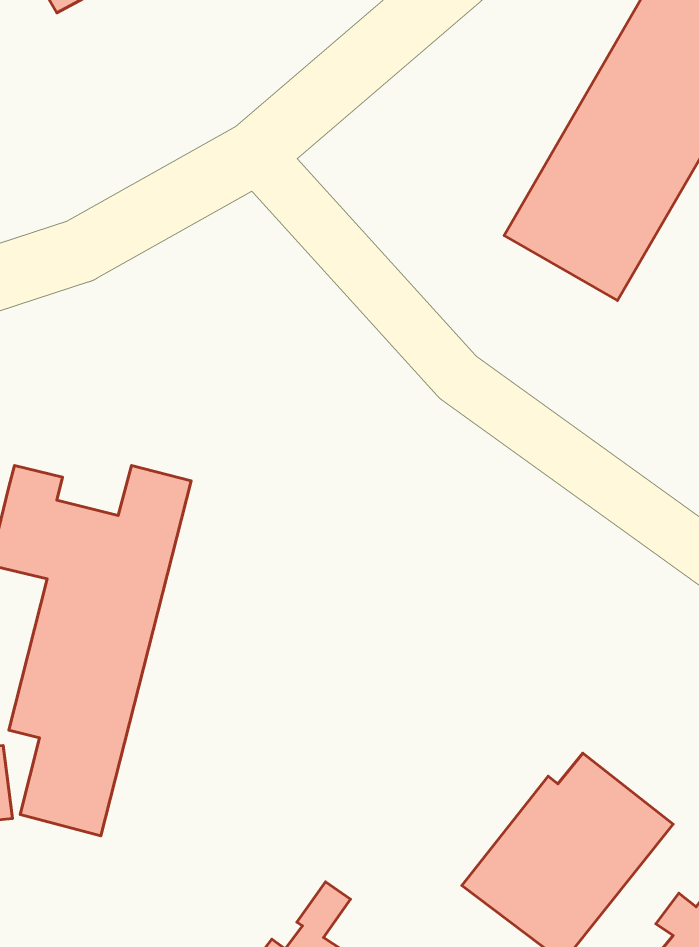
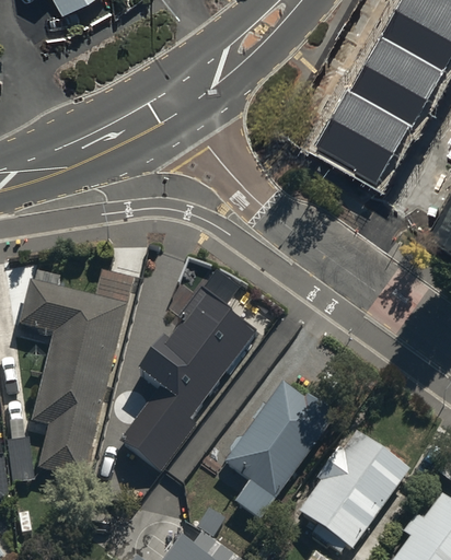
building: none -> [118,285,254,467]
building: none -> [226,387,332,523]

